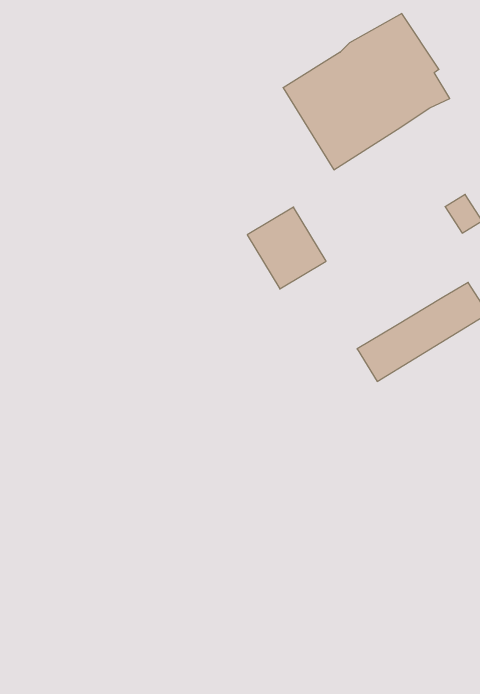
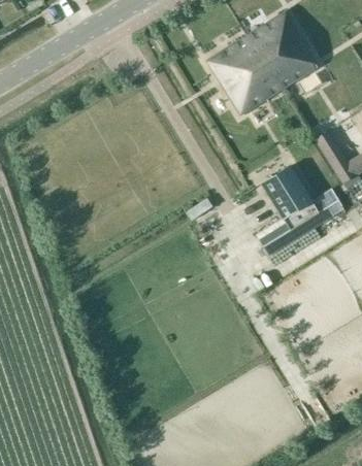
building: [247,207,326,289] -> [261,164,314,219]

